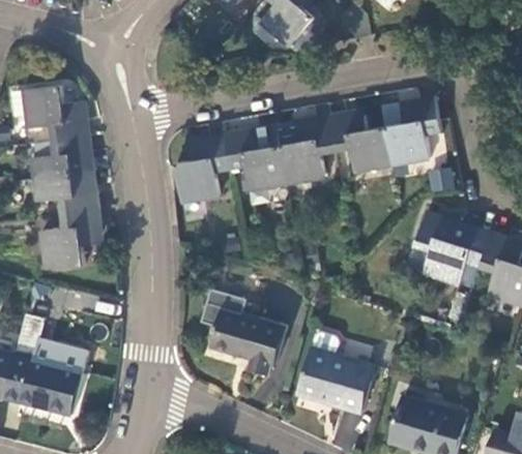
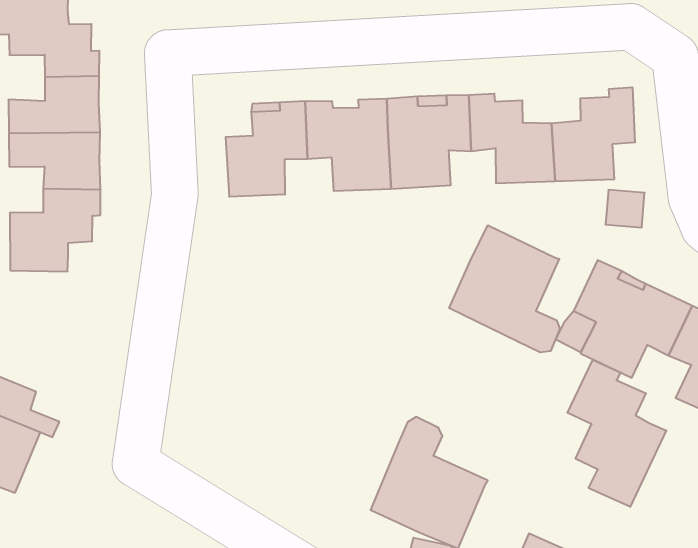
building: none -> [449,225,560,352]
building: none -> [568,360,666,507]
building: [202,293,285,375] -> none

